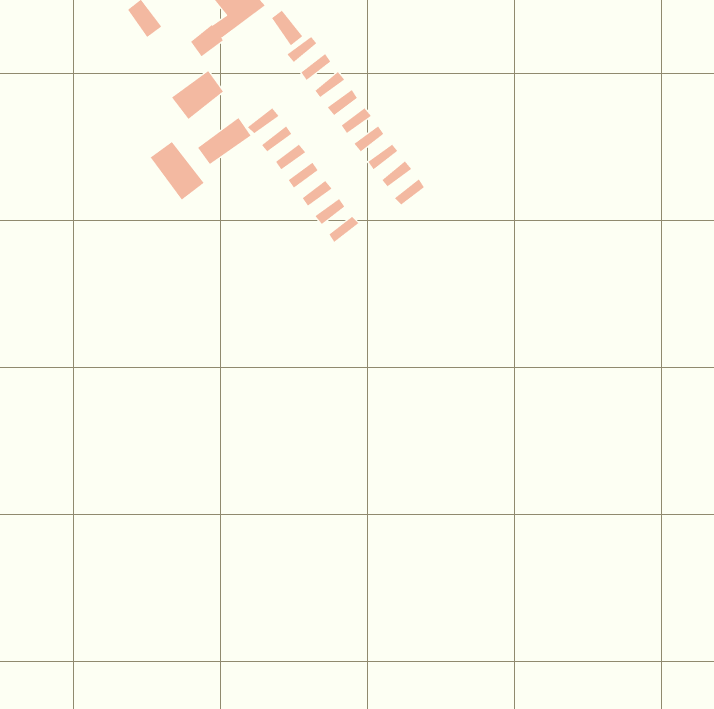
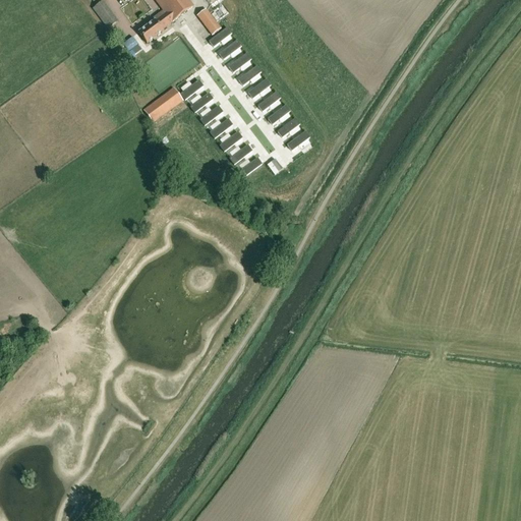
building: [171,70,224,120] -> none
building: [150,141,204,201] -> none

